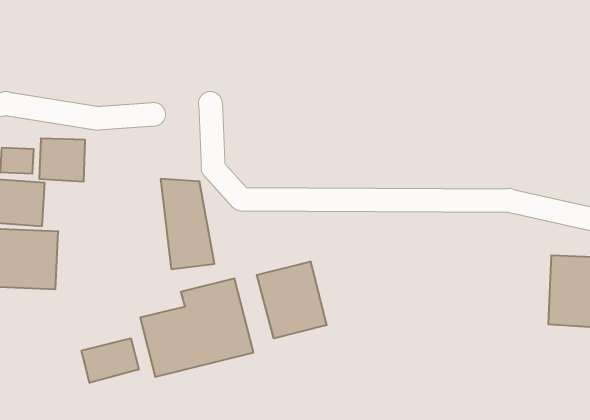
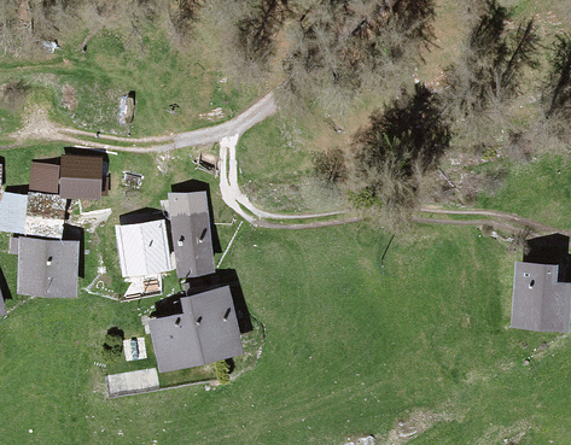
building: none -> [111,219,168,274]
building: [257,261,327,338] -> none
building: [82,338,139,383] -> none

